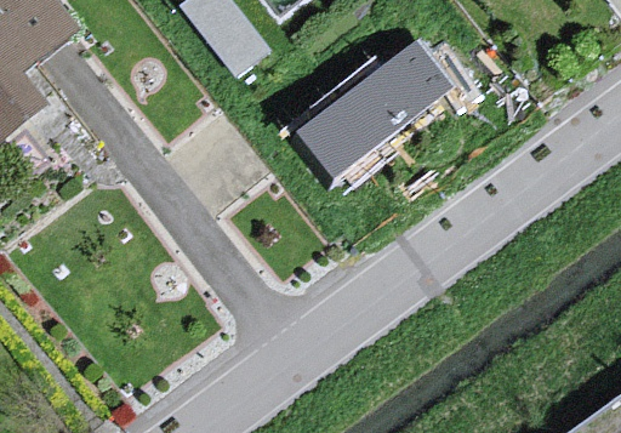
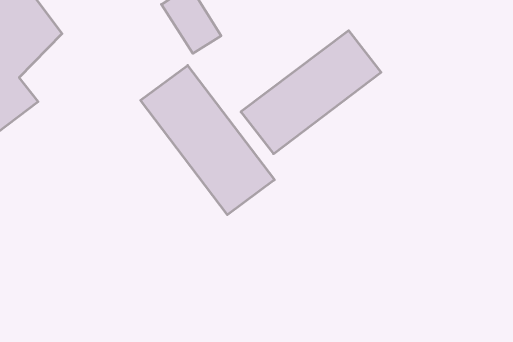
building: none -> [141,65,274,215]

